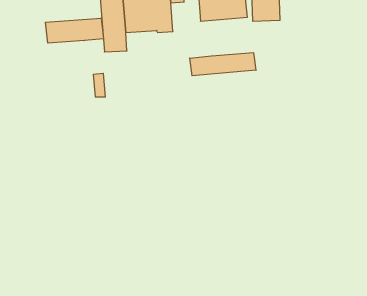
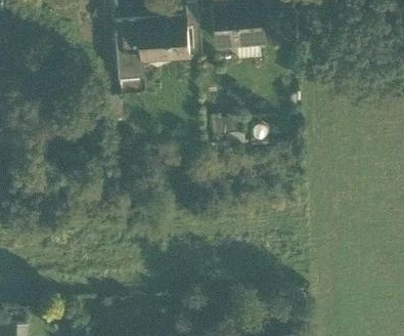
building: [46,18,103,43] -> none
building: [190,53,256,76] -> none

